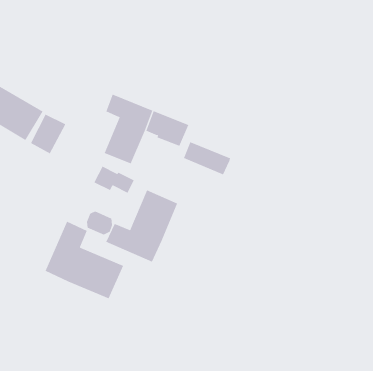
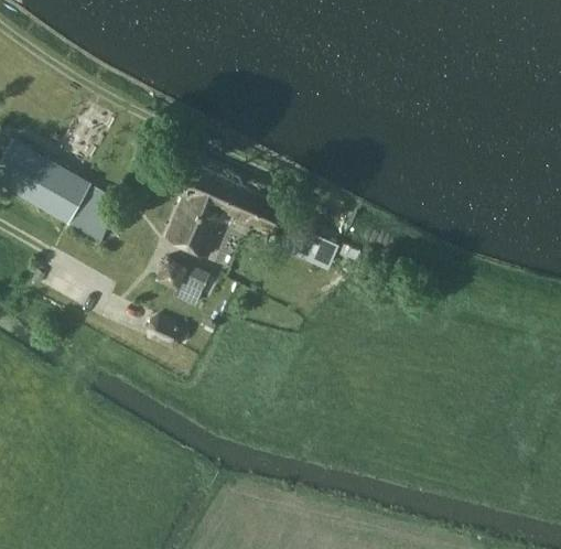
building: [106,189,178,262] -> none
building: [45,221,124,299] -> none

